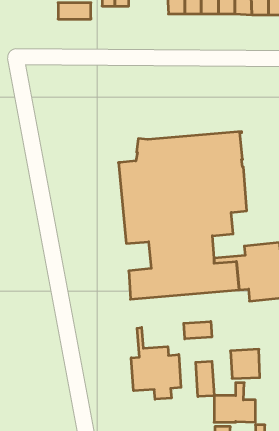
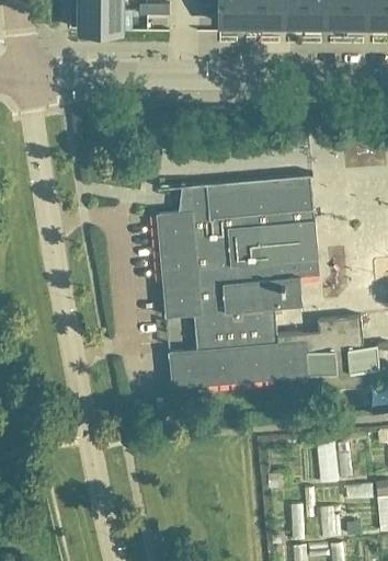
building: [184,321,212,339] -> none
building: [131,327,181,399] -> none
building: [196,361,214,397] -> none

